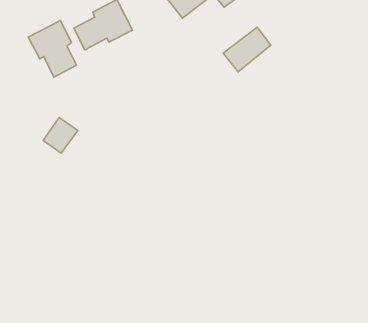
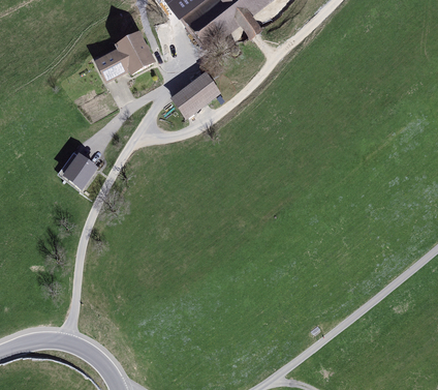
building: [28,21,77,77] -> none
building: [223,27,271,72] -> [169,70,219,117]

